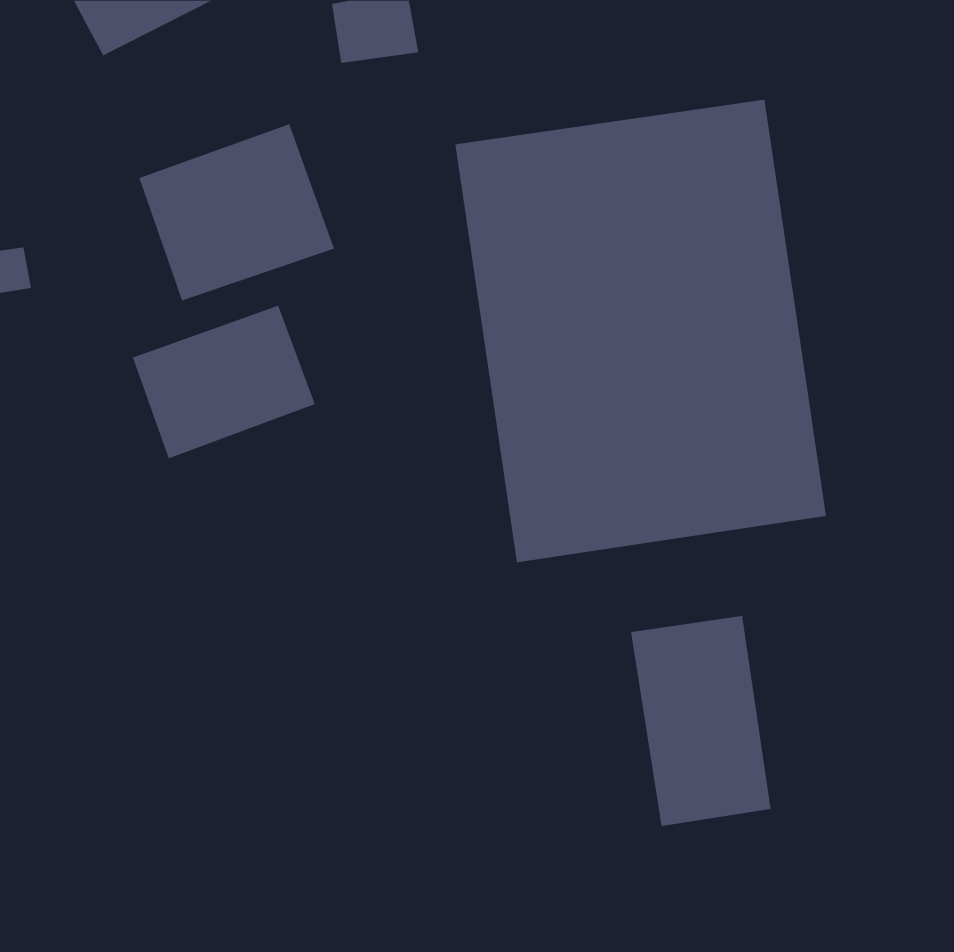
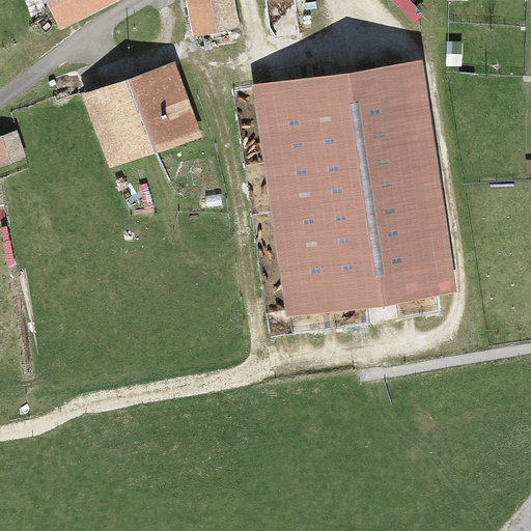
building: [132,305,315,459] -> none
building: [630,615,771,827] -> none

